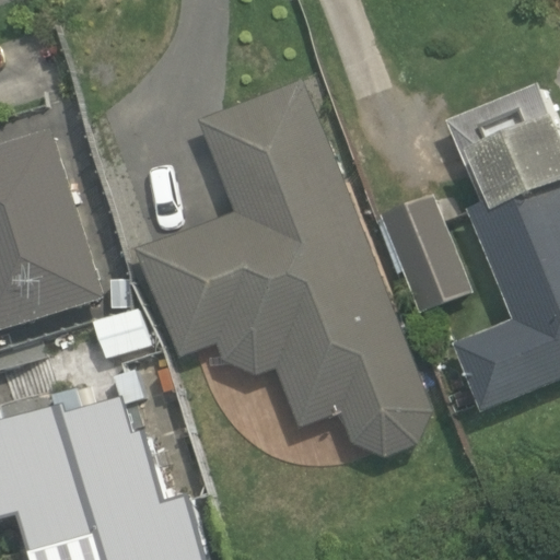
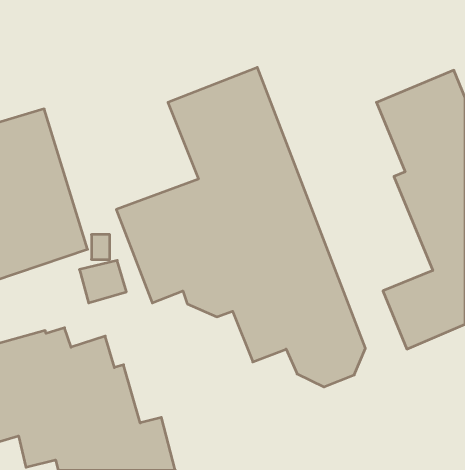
building: [380,192,475,315] -> none

